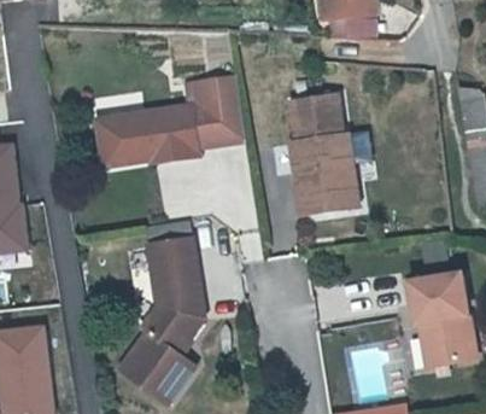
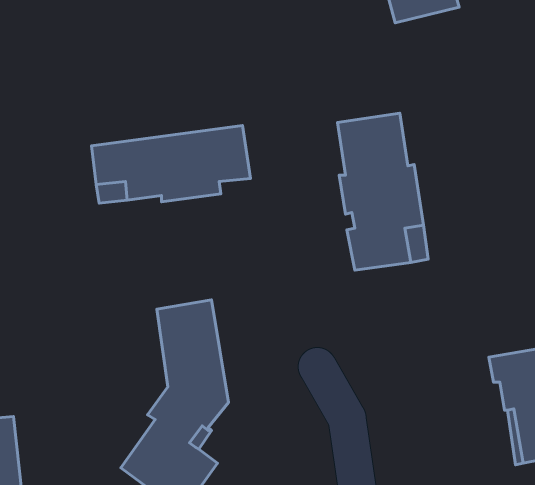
building: [195,75,245,144] -> none

